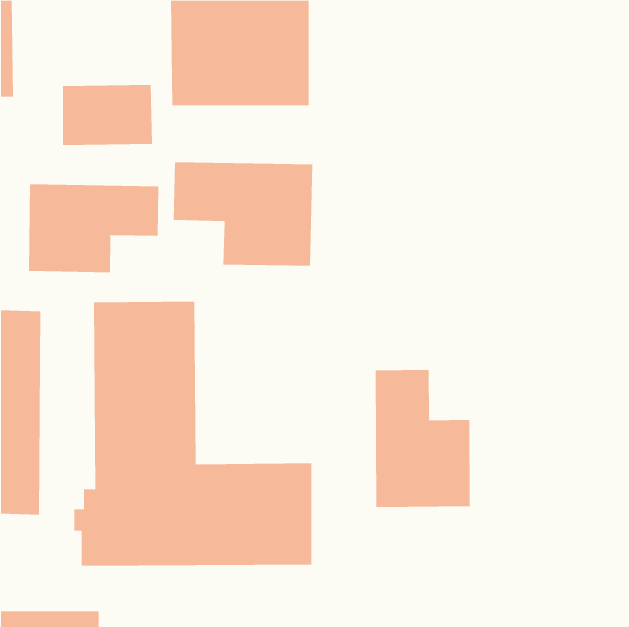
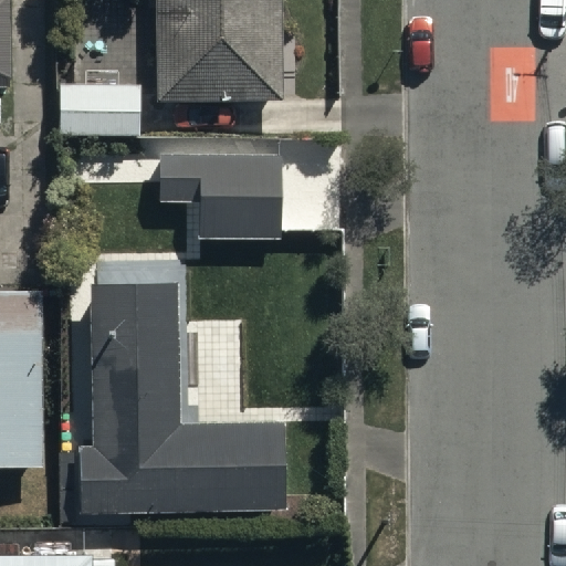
building: [29,184,159,273] -> none
building: [375,369,470,508] -> none

